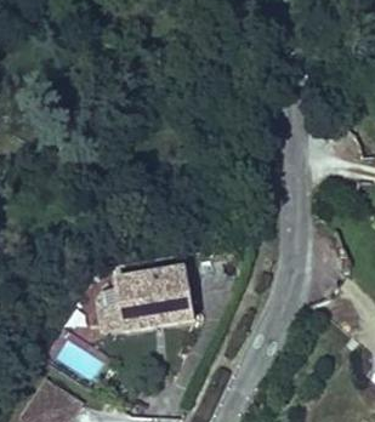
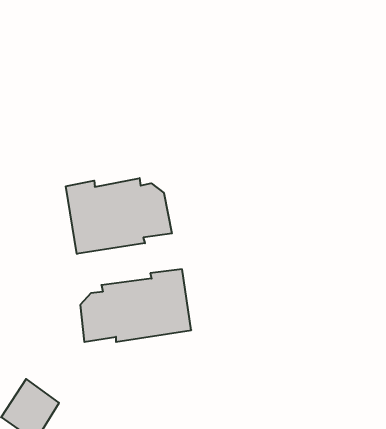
building: none -> [66,178,172,254]

